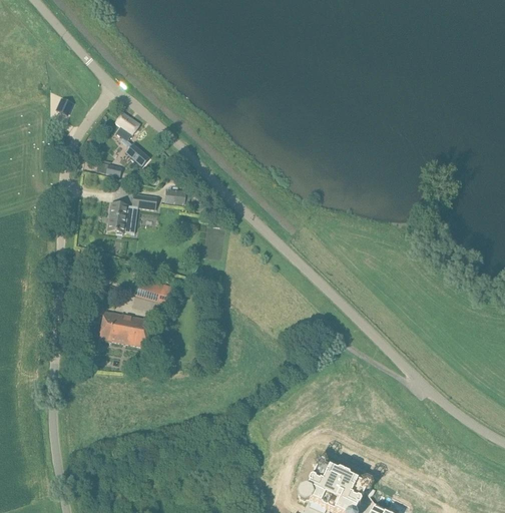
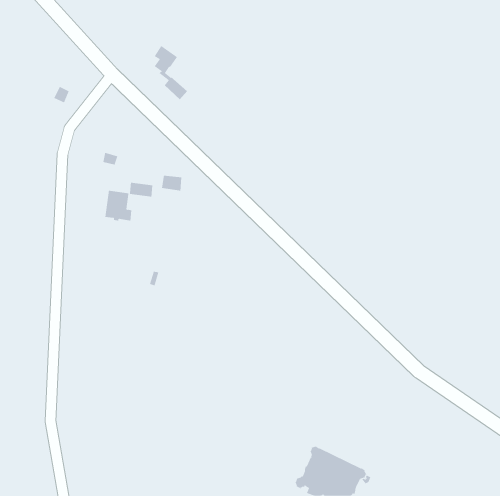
building: [115,111,149,166] -> [154,45,188,100]
building: [99,312,150,347] -> none

